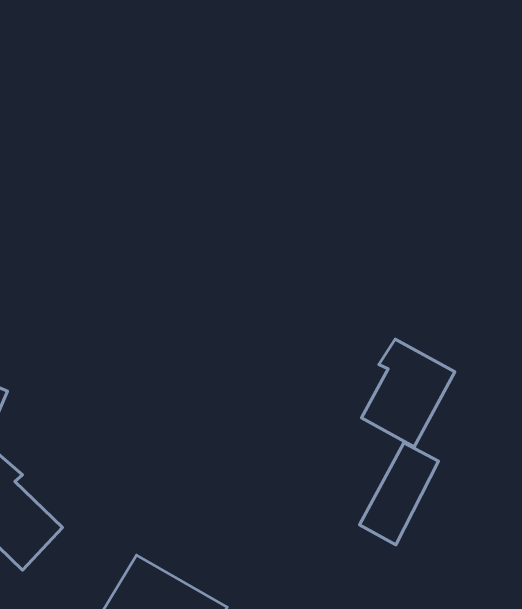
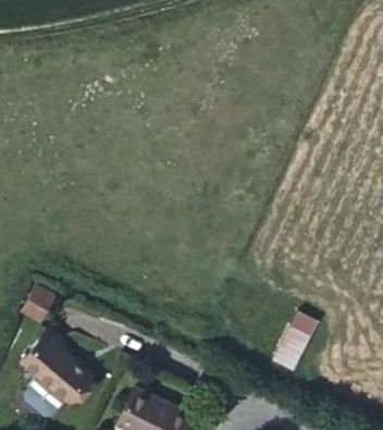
building: [362,339,455,447] -> none

